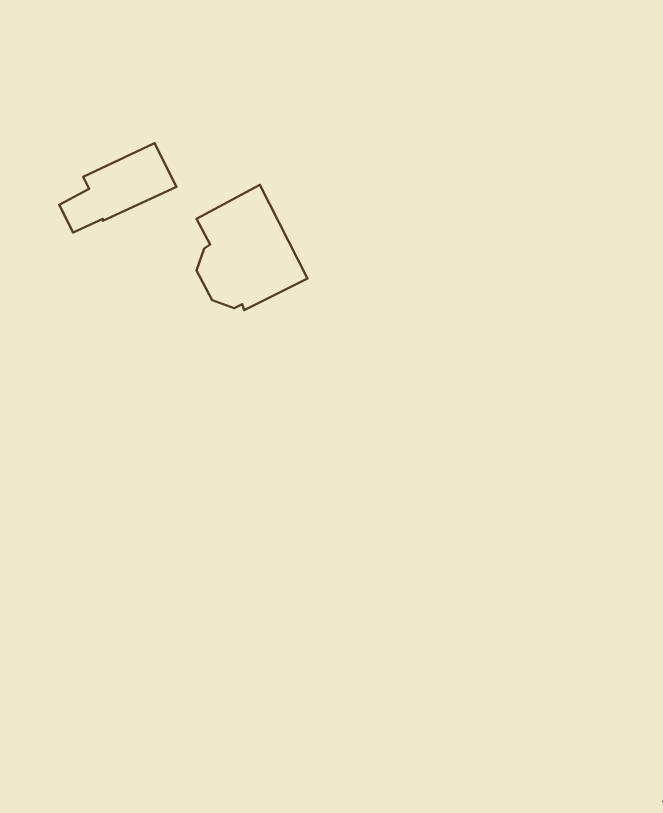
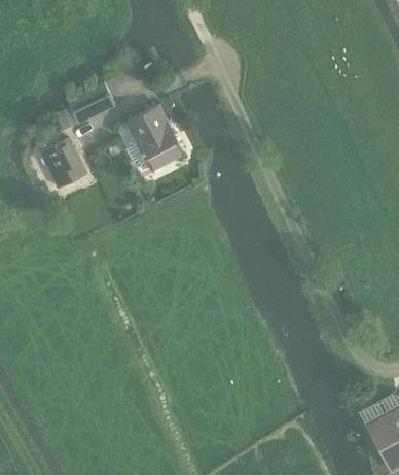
building: none -> [40,138,86,188]

